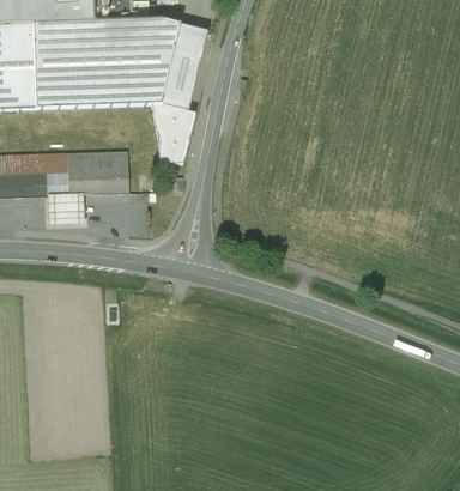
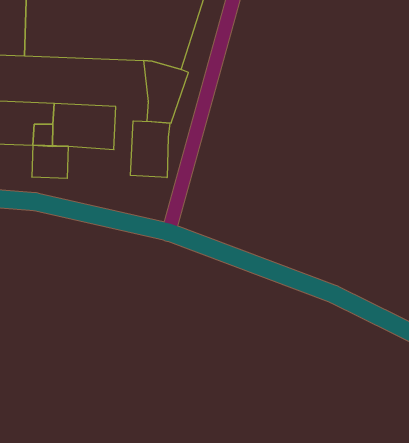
building: none -> [130,121,170,178]

